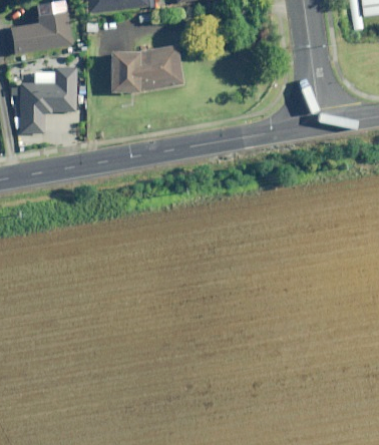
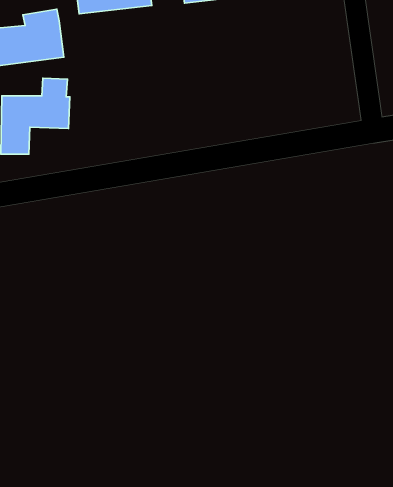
building: [108,43,181,94] -> none

